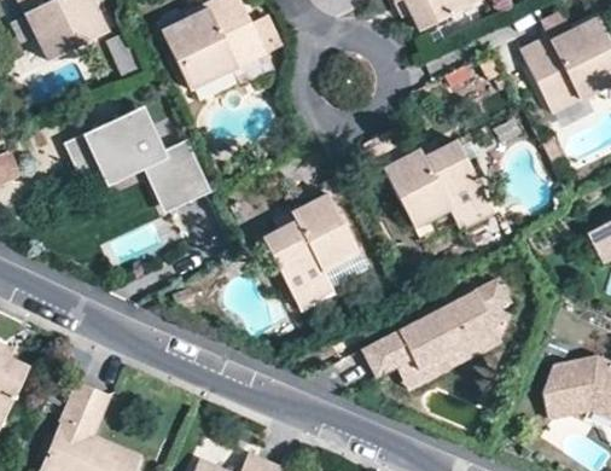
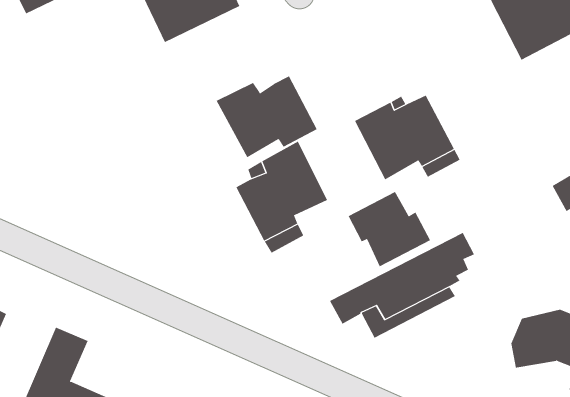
building: [65,117,210,211] -> none
building: none -> [216,76,317,158]
building: none -> [348,191,431,267]

